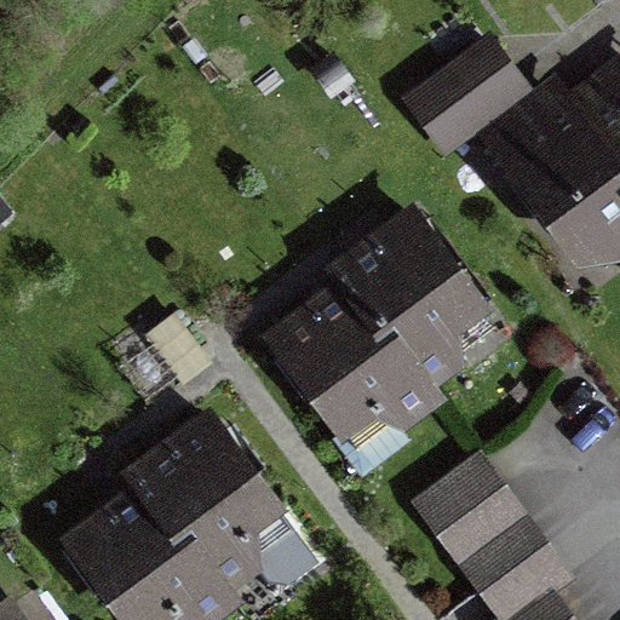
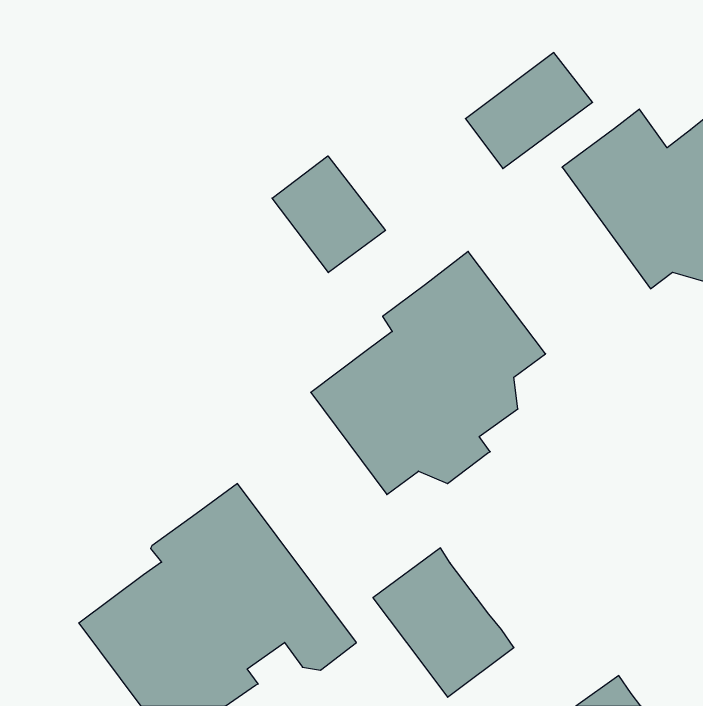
building: none -> [272,156,385,273]
building: [419,461,542,592] -> [373,548,514,697]

